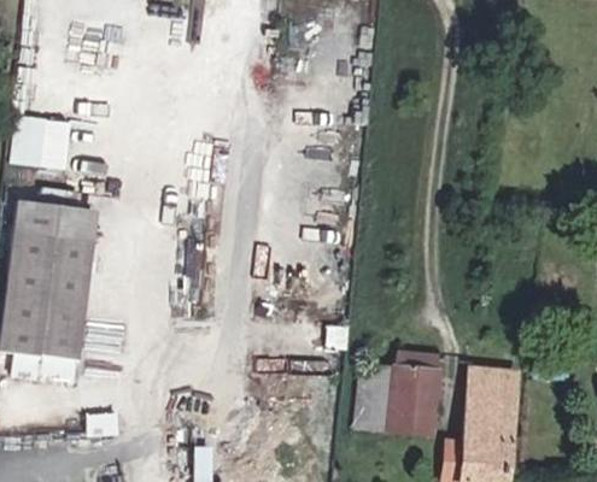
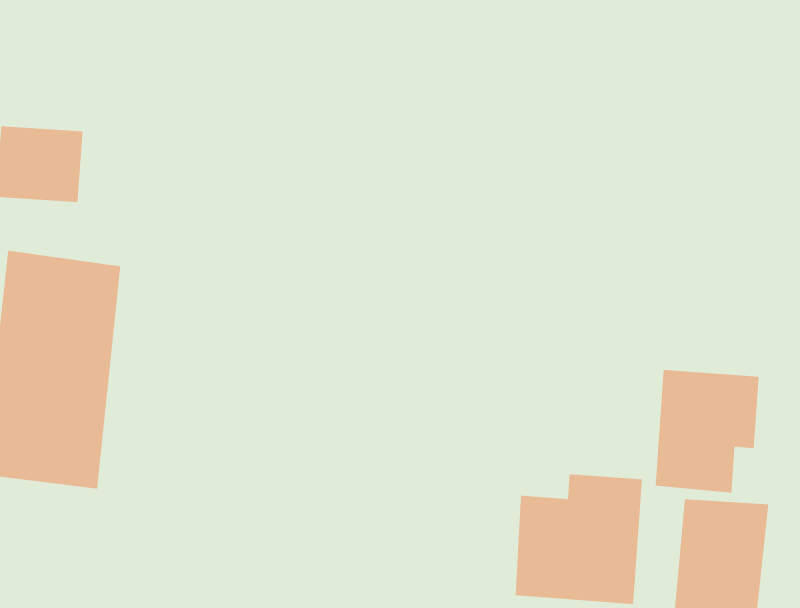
building: none -> [655,369,760,493]

